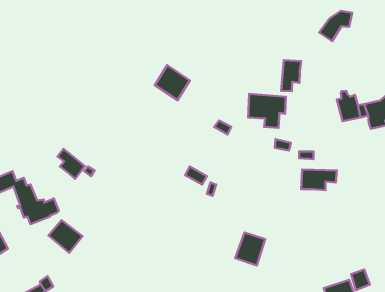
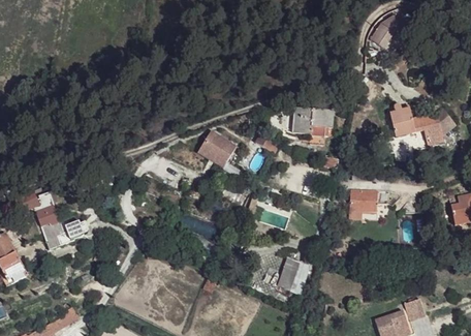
building: [281,60,301,91] -> none
building: [155,65,190,100] -> [197,130,236,169]
building: [58,149,85,179] -> none
building: [48,220,83,253] -> none

